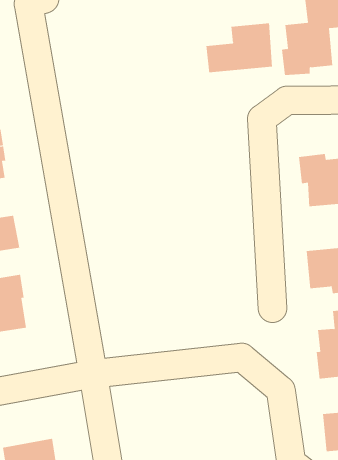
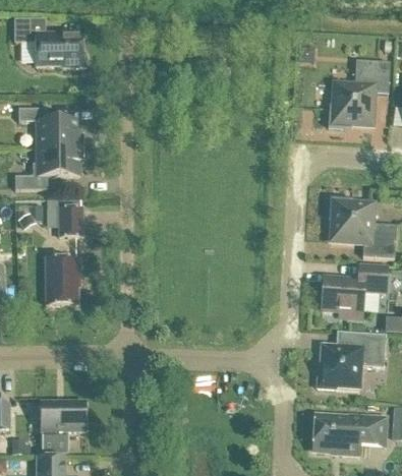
building: [206,23,272,73] -> none

